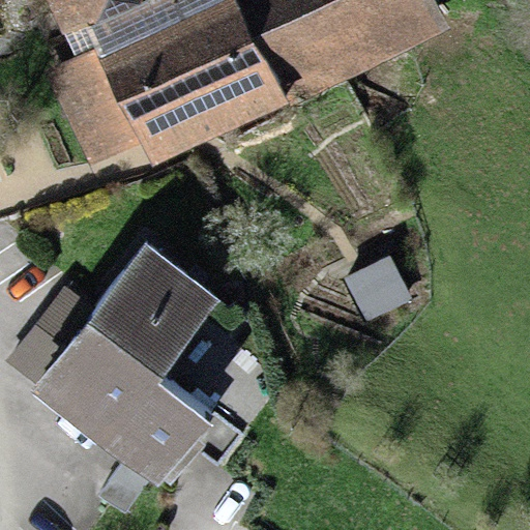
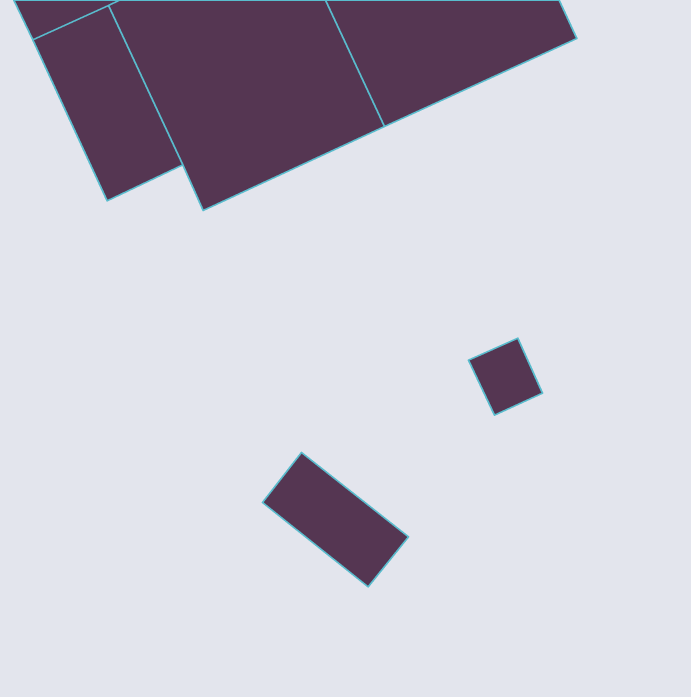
building: [41,240,218,469] -> none
building: none -> [262,452,408,587]

